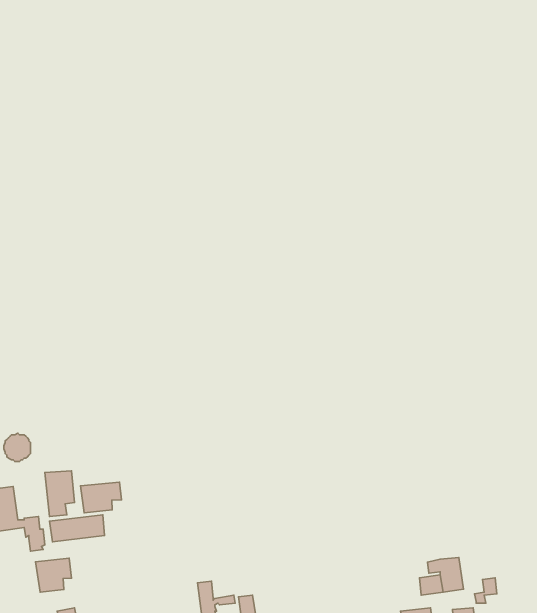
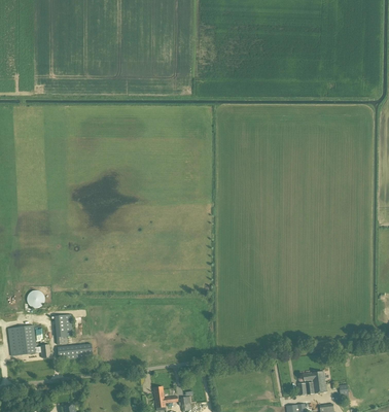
building: [81,482,122,513] -> none
building: [36,558,72,592] -> none

